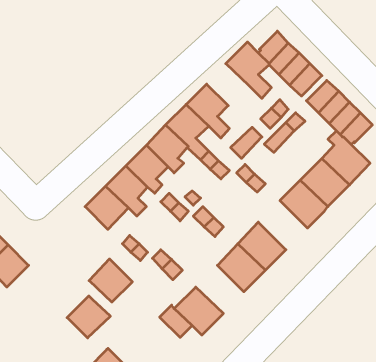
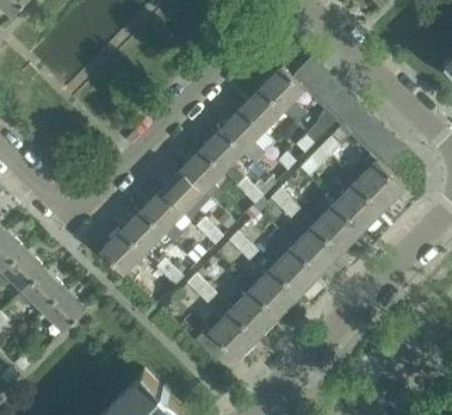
building: none -> [241,88,283,130]
building: none -> [292,224,341,273]
building: [89,259,132,302] -> [100,230,143,273]
building: none -> [230,289,278,336]
building: [67,296,110,338] -> [43,289,86,330]

